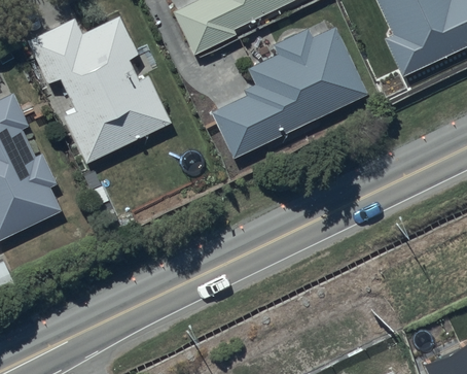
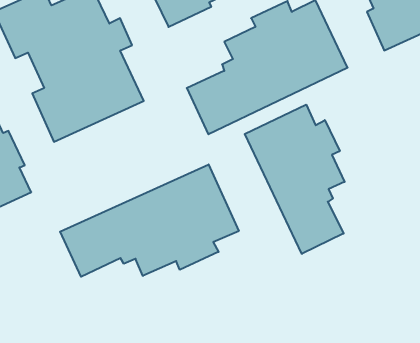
building: none -> [245,105,345,254]
building: none -> [60,164,239,277]

